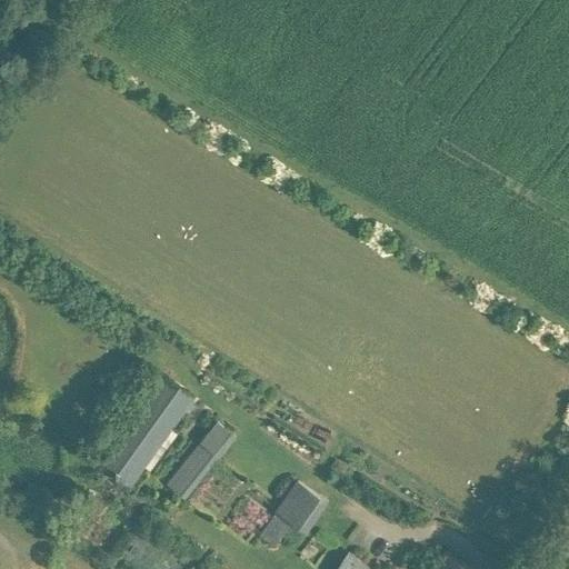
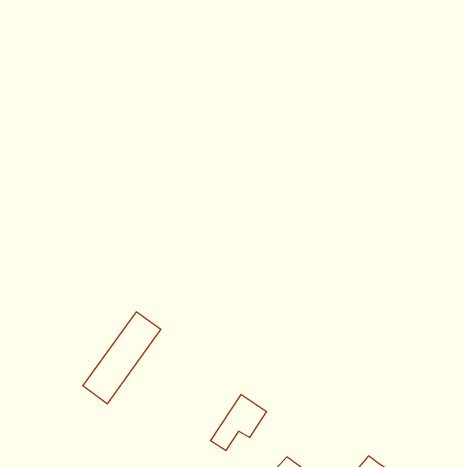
building: [160,420,231,500] -> none

